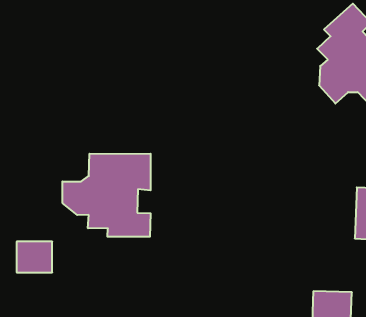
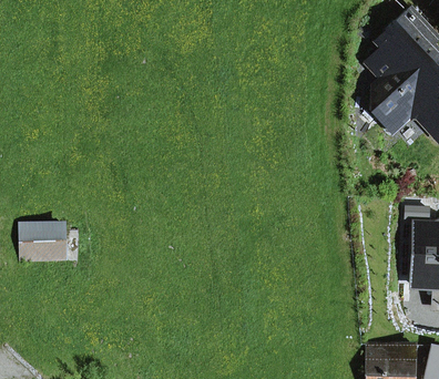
building: [62,154,151,237] -> none
building: [17,242,52,272] -> [20,223,61,258]

